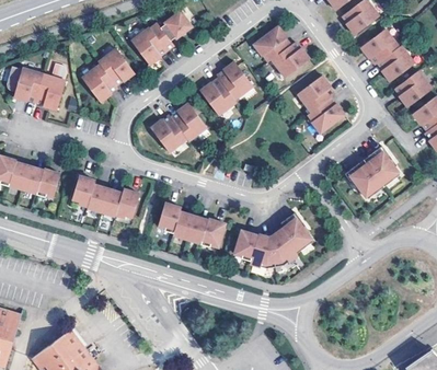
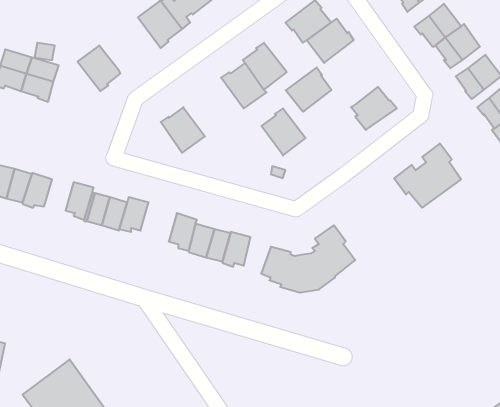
building: [101,49,137,86] -> none
building: [297,78,334,114] -> [286,67,331,112]
building: [172,104,208,142] -> [261,109,306,156]

